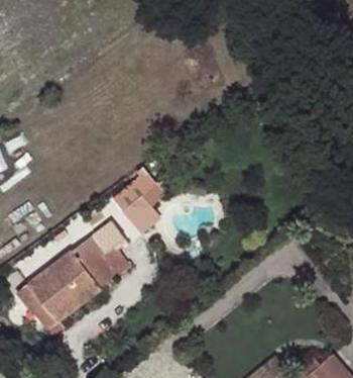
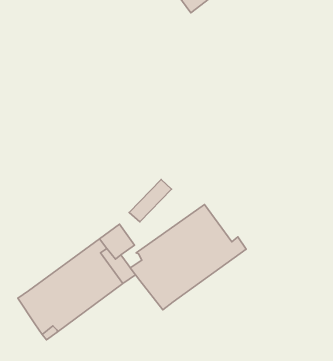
building: none -> [130,204,246,310]

